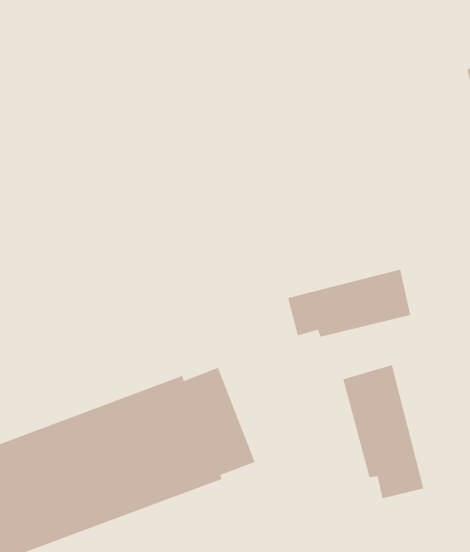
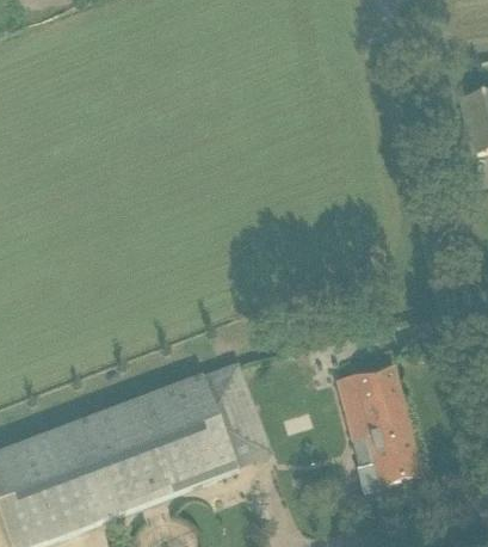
building: [287,269,411,337] -> none

